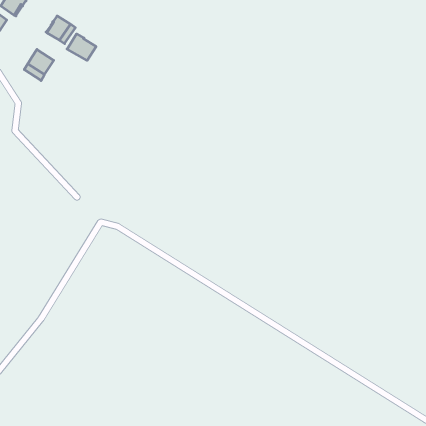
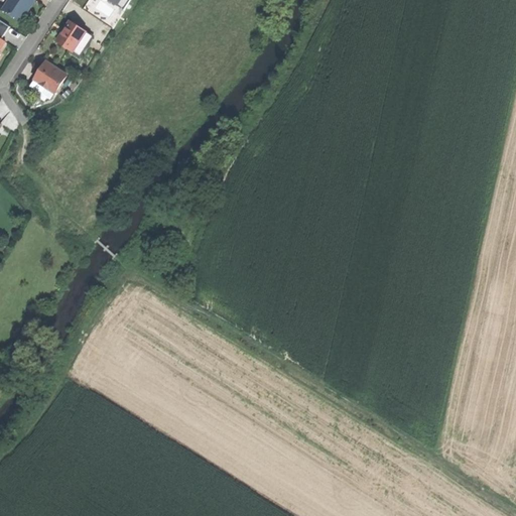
building: [67,34,96,60] -> none

